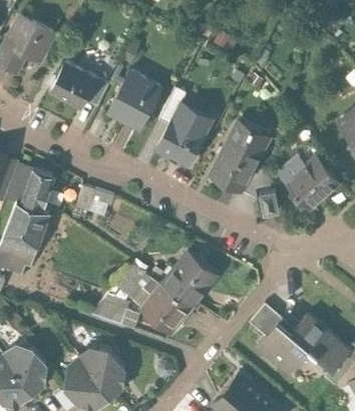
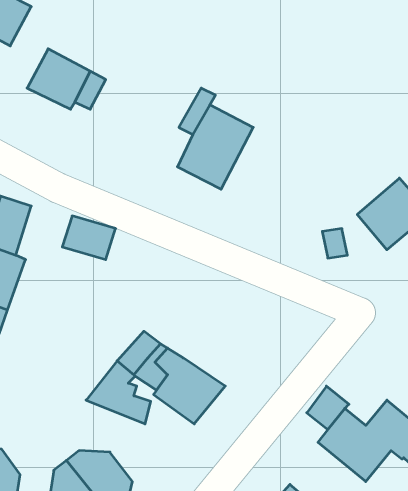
building: [109,71,161,128] -> none
building: [213,122,267,189] -> none
building: [162,251,217,304] -> none

